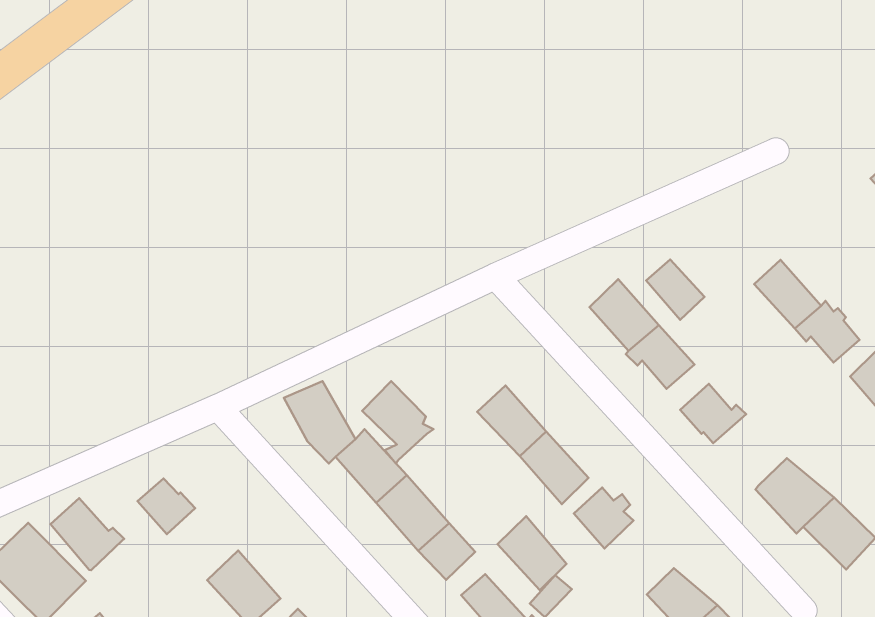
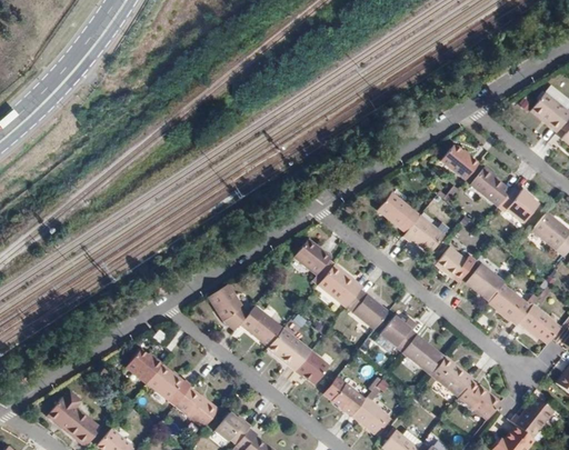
building: [646,260,704,320] -> [439,144,475,179]
building: [362,381,433,463] -> [291,237,335,284]
building: none -> [467,266,502,301]
building: [51,498,124,570] -> [146,363,190,404]
building: [497,516,566,590] -> [403,332,446,374]

